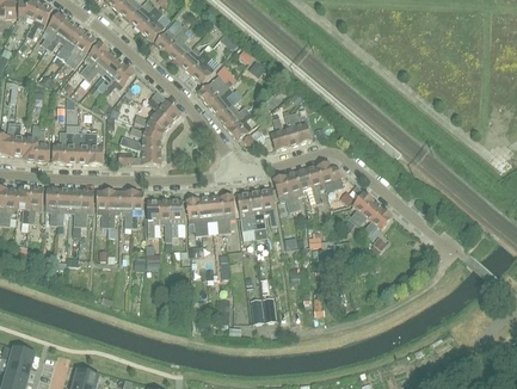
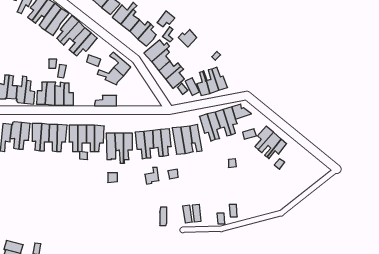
building: [118,125,160,149] -> none

